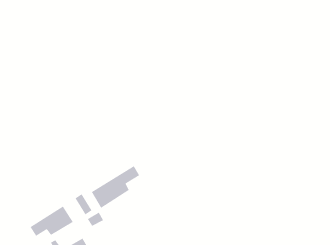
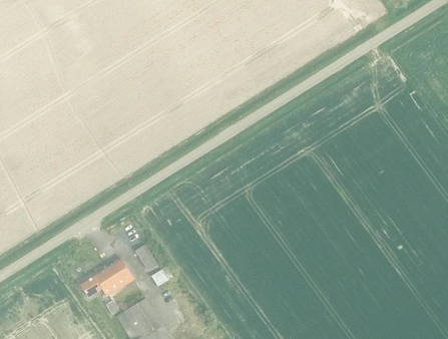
building: [91,165,140,209] -> none

